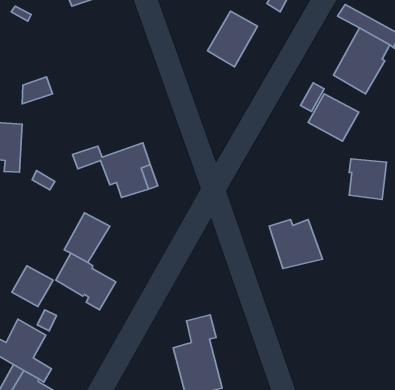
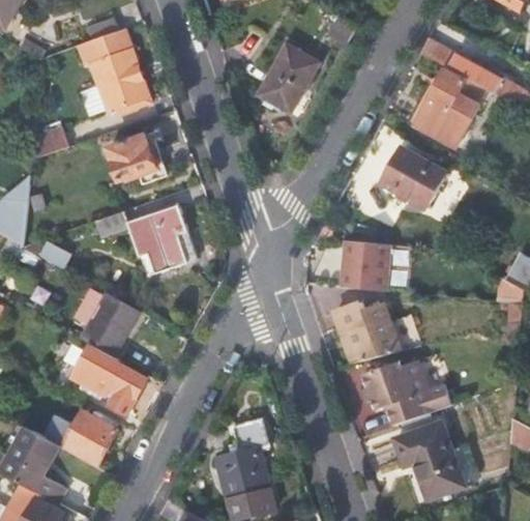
building: none -> [87,45,146,112]
building: none -> [100,135,154,181]
building: [349,159,386,199] -> [344,240,389,290]
building: [12,266,53,306] -> [66,412,117,462]
building: none -> [361,361,438,427]
building: none -> [393,422,473,502]

